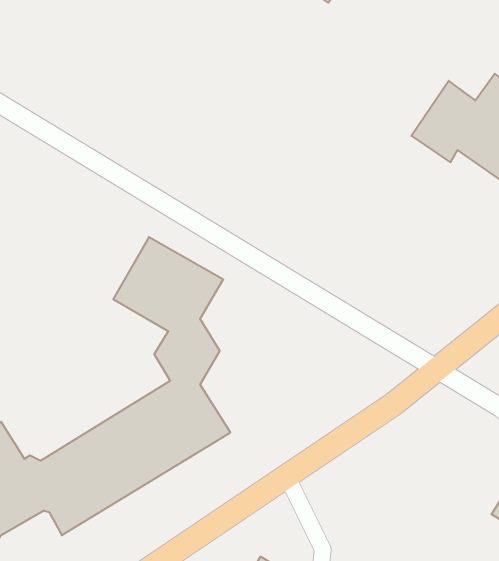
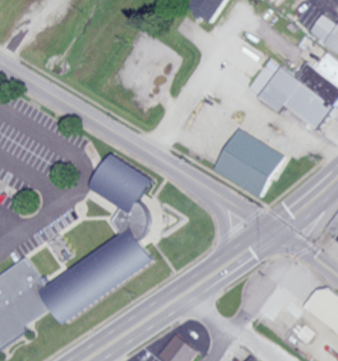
building: none -> [213,129,282,197]

